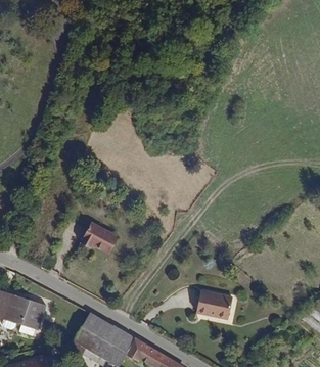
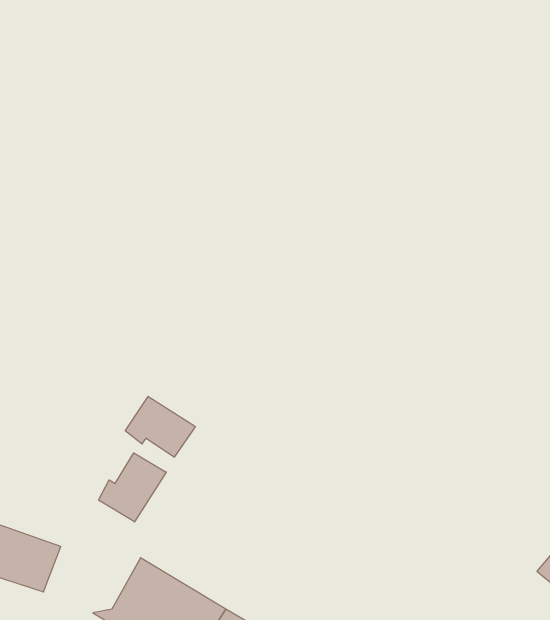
building: none -> [99,453,166,522]
building: [198,290,234,321] -> none

